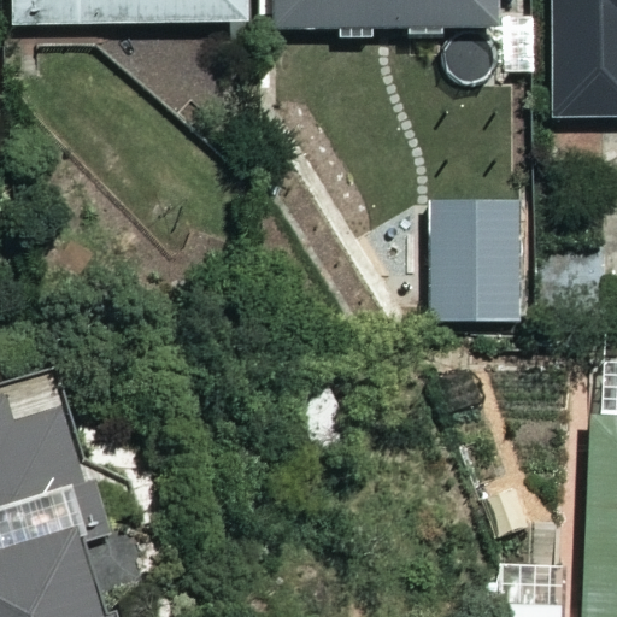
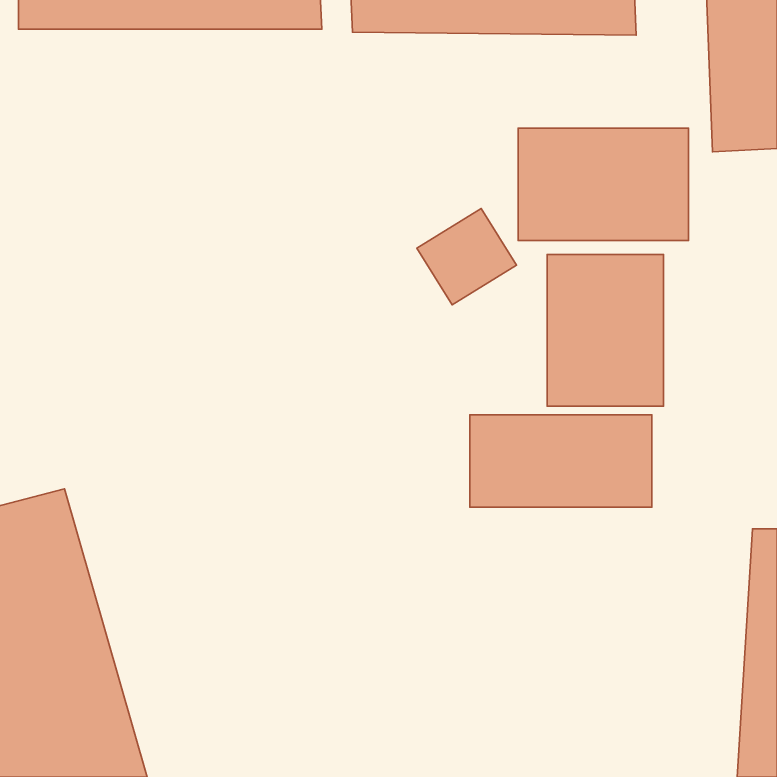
building: none -> [518,128,688,241]
building: none -> [470,415,652,507]

